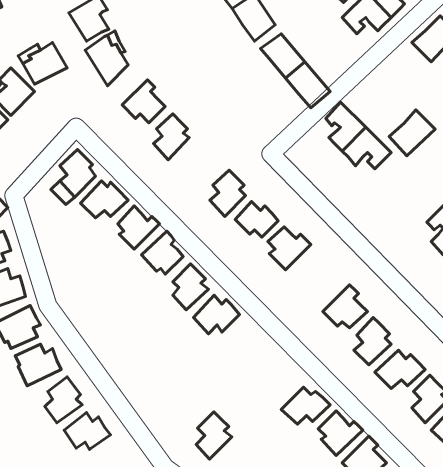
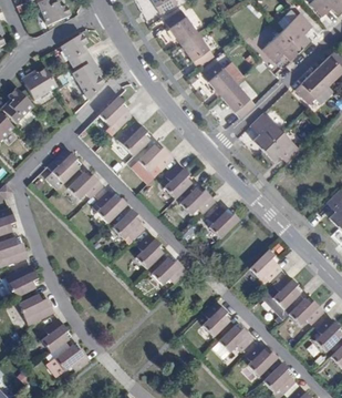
building: [389,110,435,156] -> [294,68,329,102]
building: none -> [137,144,173,171]
building: [196,412,232,459] -> [203,300,229,336]

